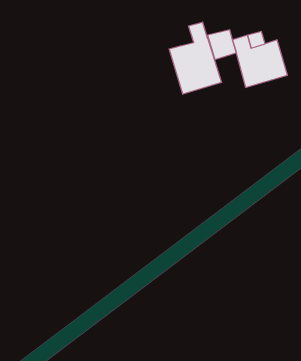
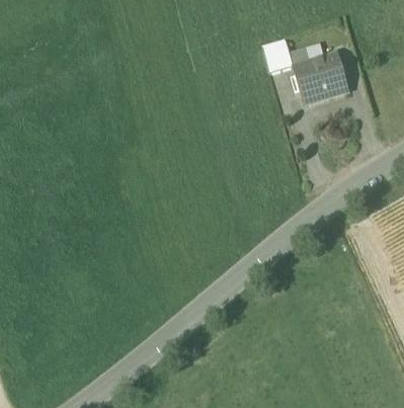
building: [169,22,222,94] -> none

